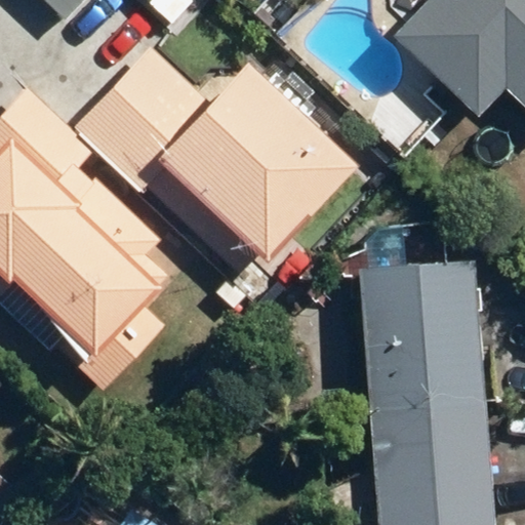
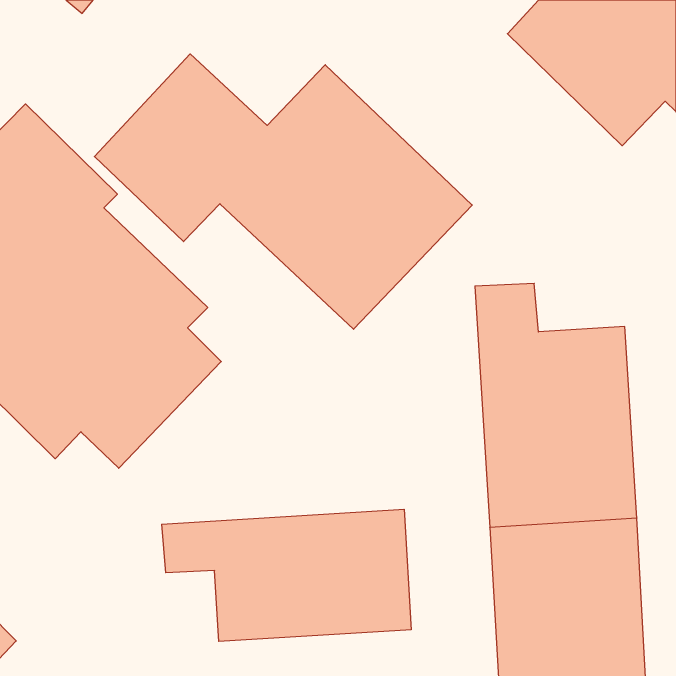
building: none -> [162,509,411,641]

